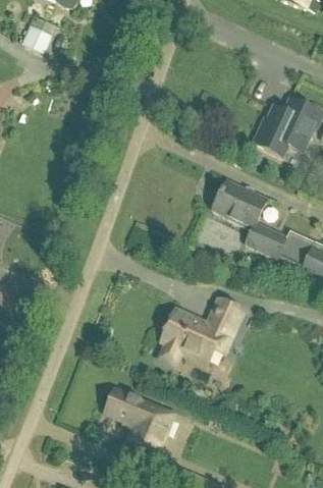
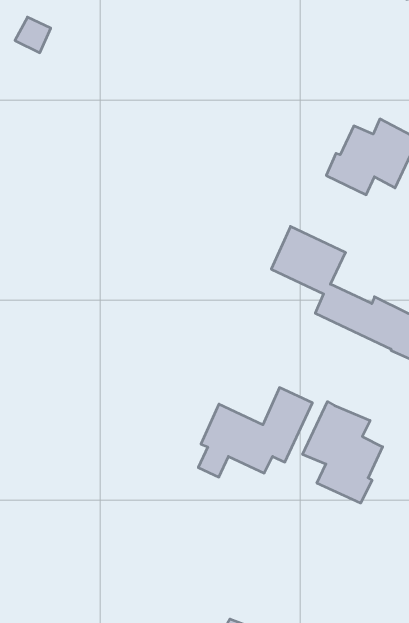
building: none -> [303,402,383,503]
building: [105,387,172,450] -> none

